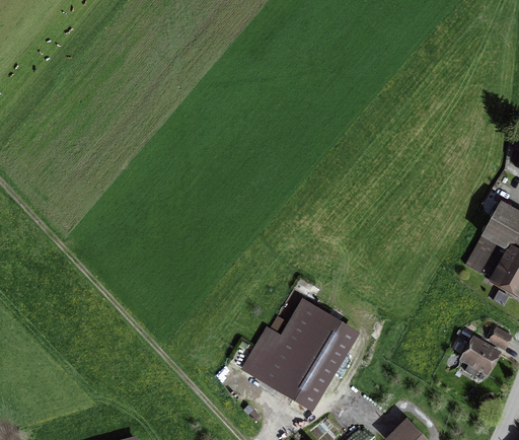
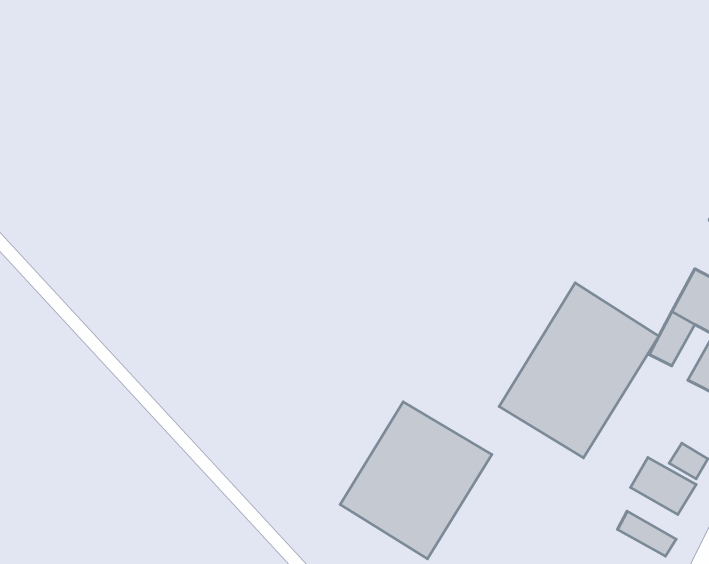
building: none -> [499,283,659,458]
building: none -> [617,511,676,556]

